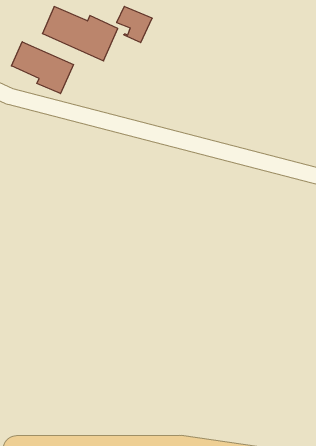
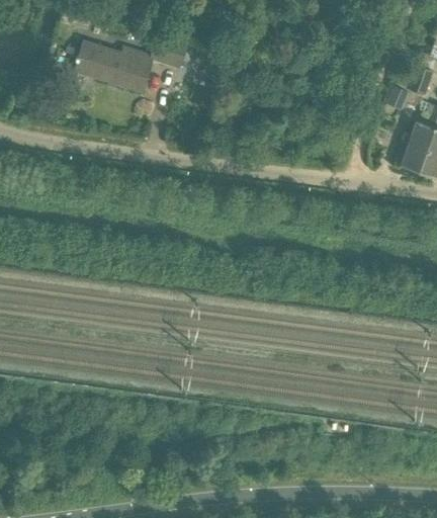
building: [11,42,73,94] -> none

